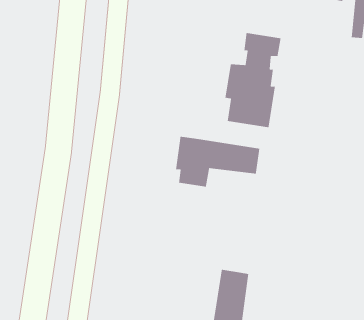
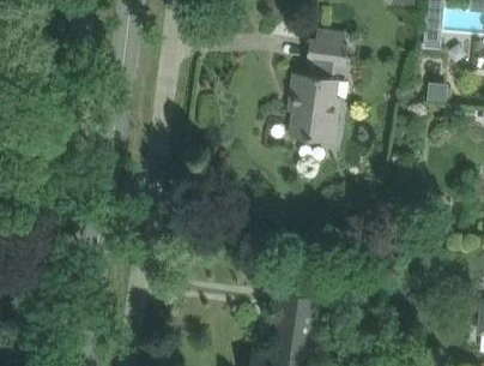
building: [175,136,260,188] -> none

